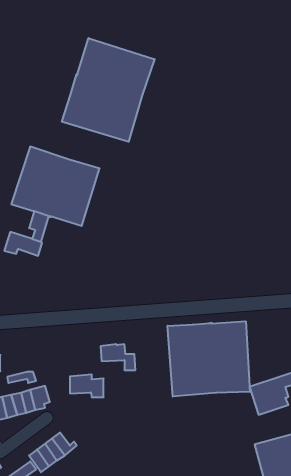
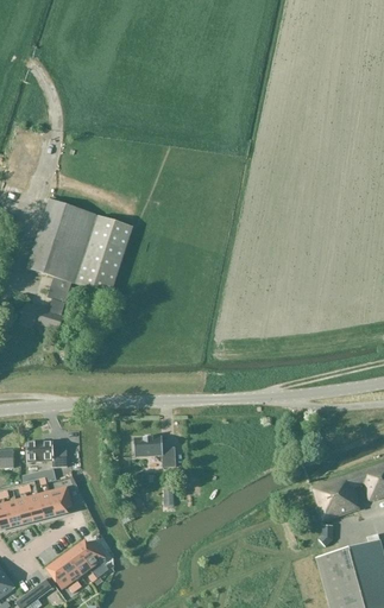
building: [62,38,155,142] -> none
building: [168,321,250,397] -> none
building: [70,374,104,397] -> [26,439,67,467]

